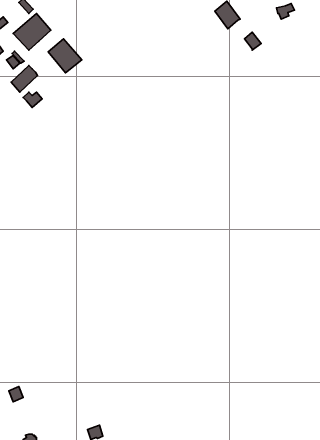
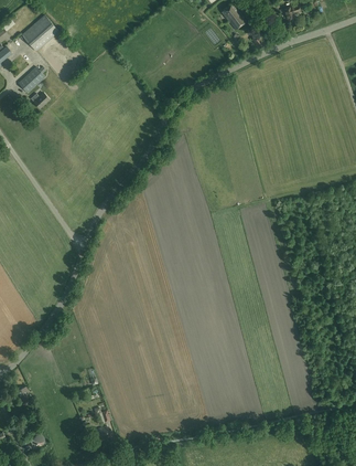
building: [48,39,82,73] -> none

